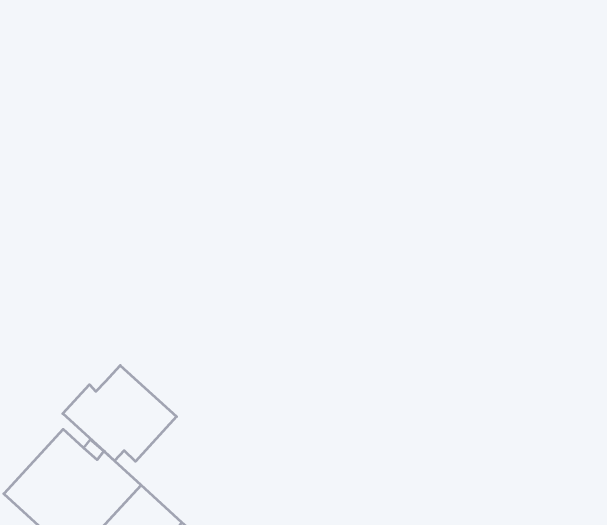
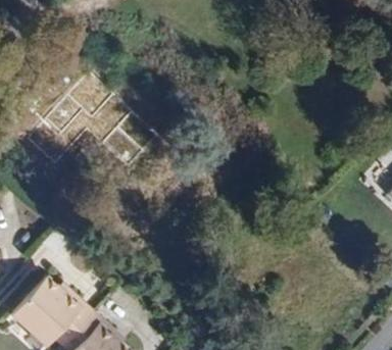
building: [63,365,177,461] -> none

